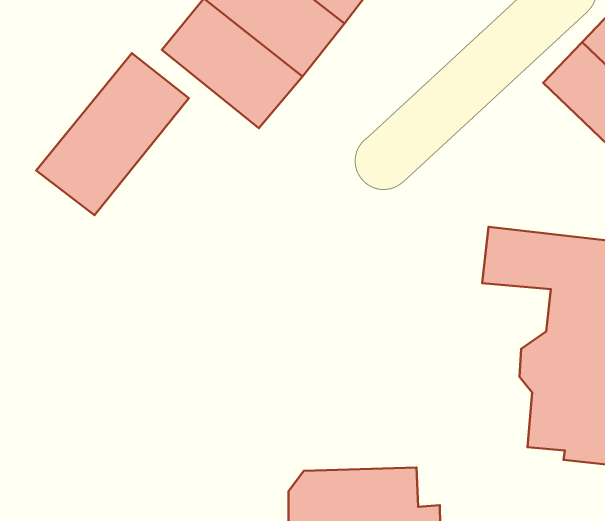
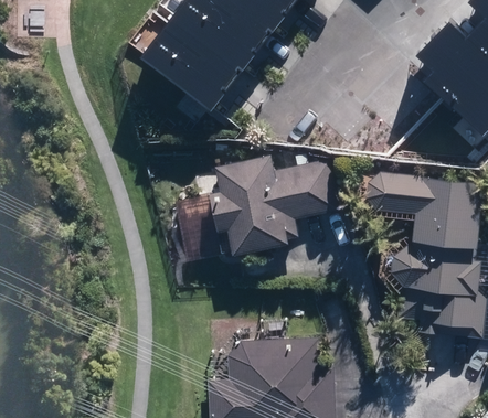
building: [36,53,189,215] -> none
building: none -> [174,153,342,259]

